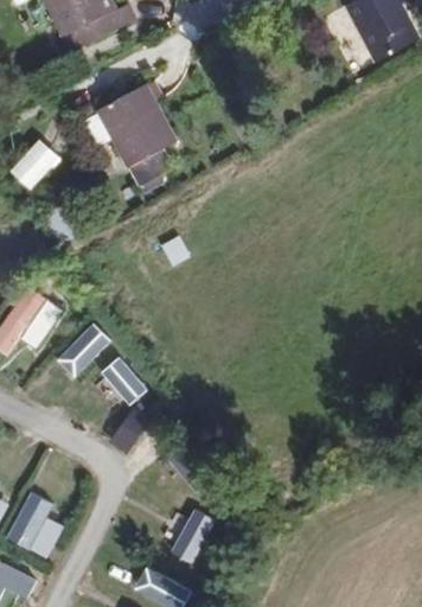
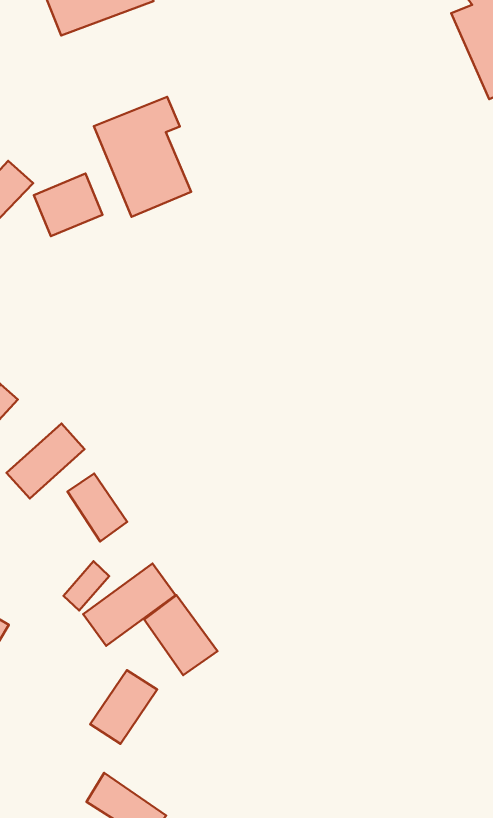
building: none -> [34,174,103,236]
building: none -> [83,564,176,646]
building: [171,509,216,561] -> [90,670,157,744]

